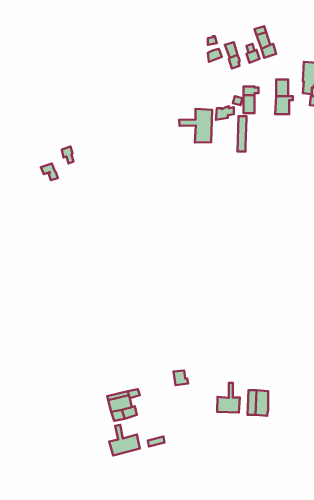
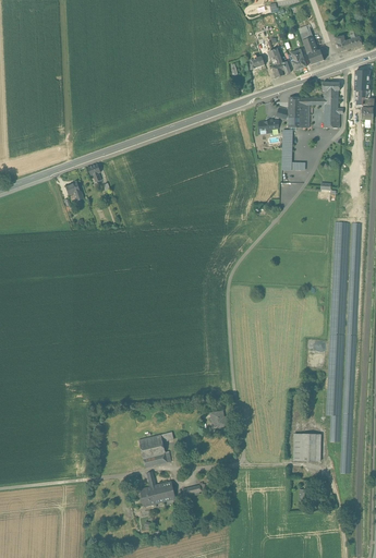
building: [179,109,212,143] -> none
building: [217,383,240,413] -> none

